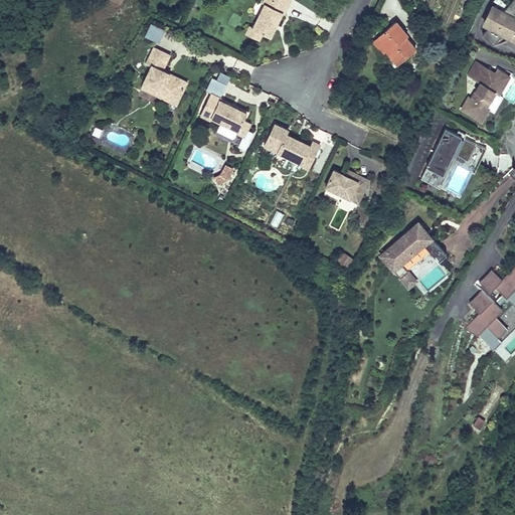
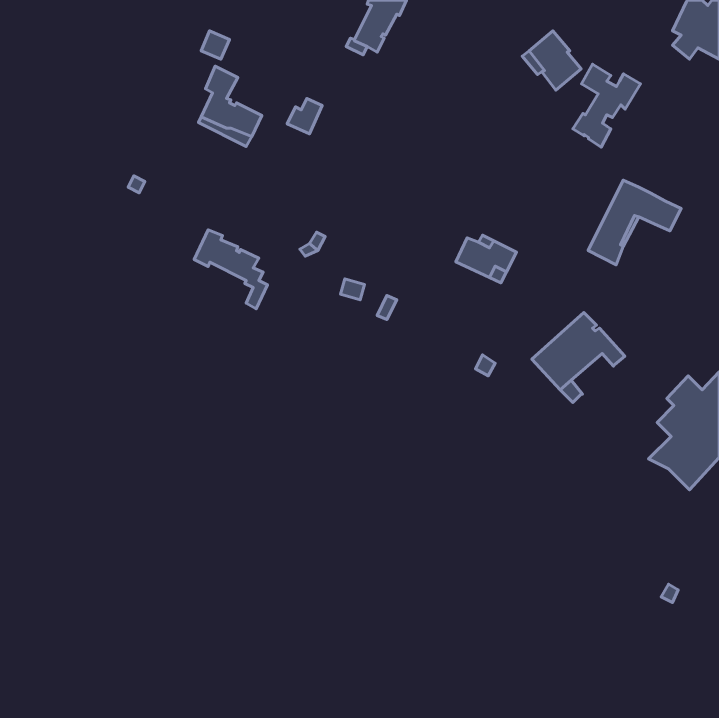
building: [462,63,510,123] -> [573,64,641,147]
building: [201,95,253,151] -> [194,230,267,309]
building: [265,125,320,171] -> none

